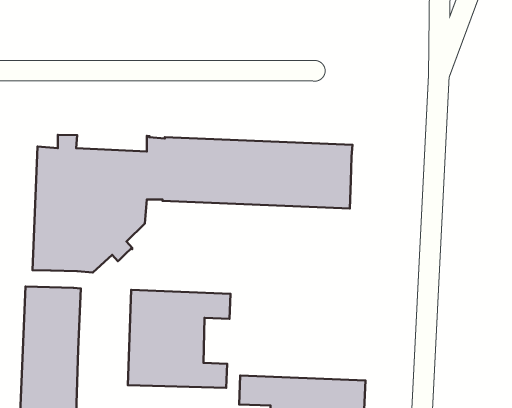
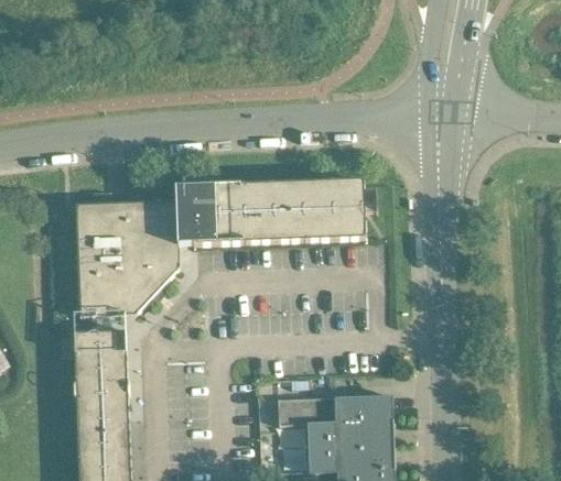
building: [128,290,231,388] -> none

